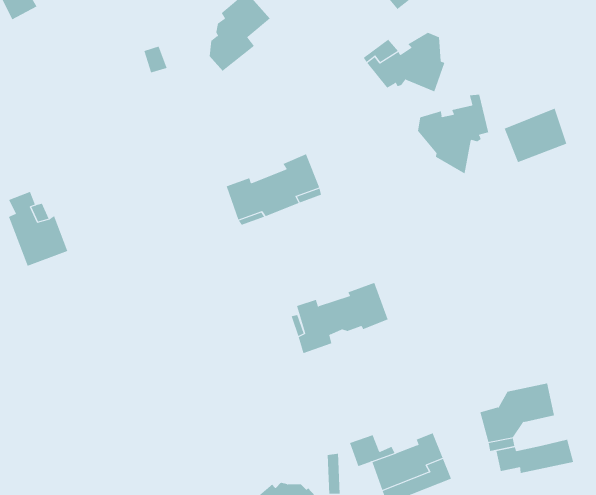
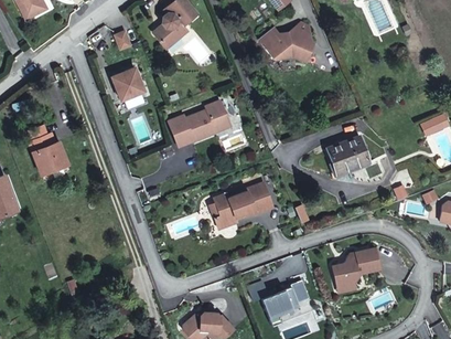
building: [417,94,489,175] -> none
building: none -> [110,70,143,102]
building: [504,108,567,163] -> [329,135,369,170]
building: [496,439,574,474] -> none

